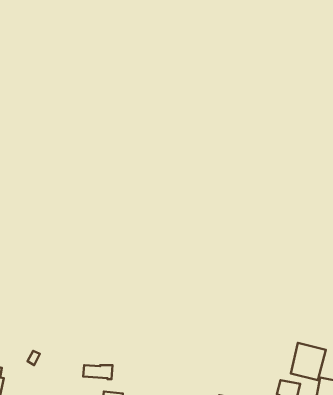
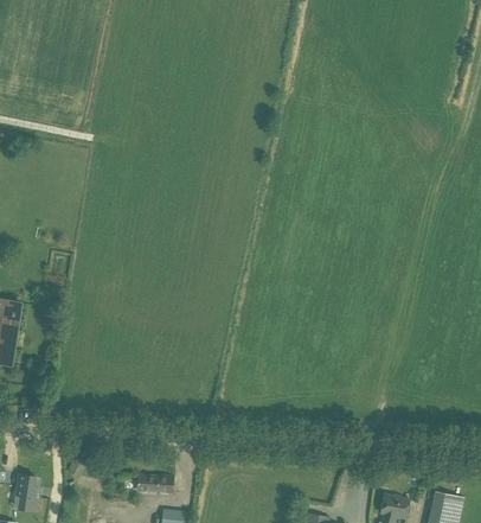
building: [291,343,326,380] -> none

